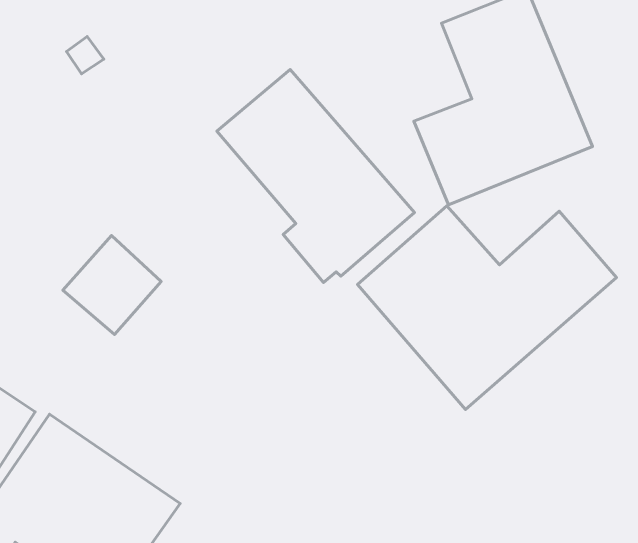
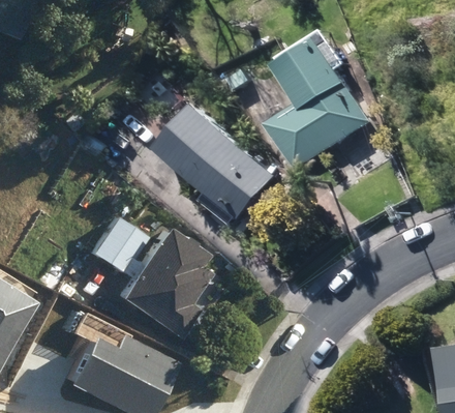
building: [357,206,616,409] -> none
building: none -> [109,225,204,335]

